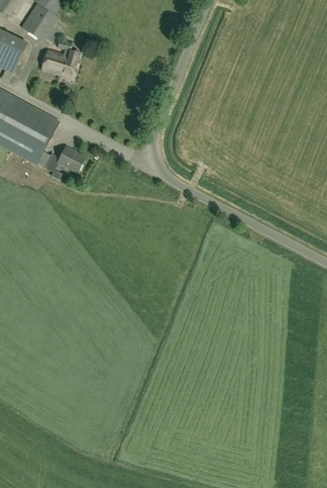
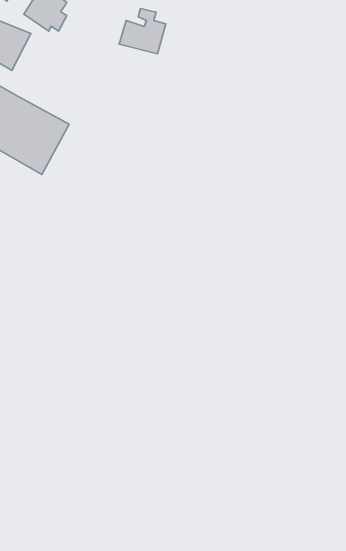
building: [40,39,80,78] -> [119,8,166,54]
building: [43,147,84,172] -> none

